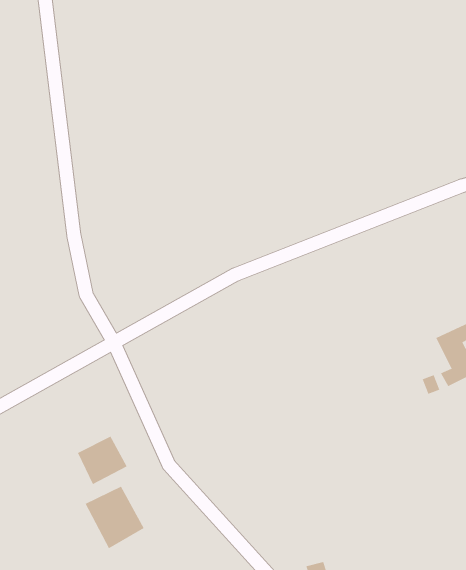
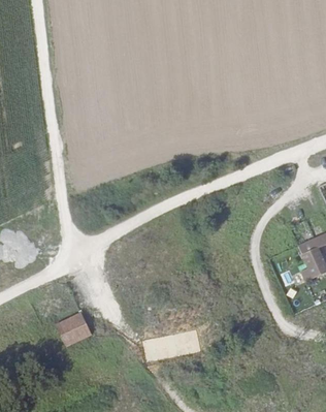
building: [85,486,144,549] -> none

